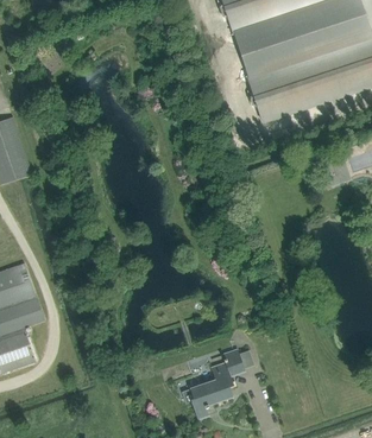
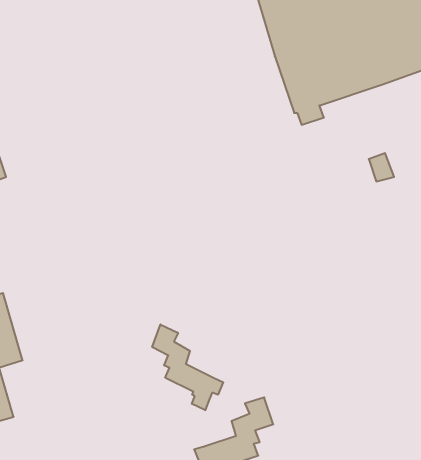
building: none -> [152,324,223,410]

